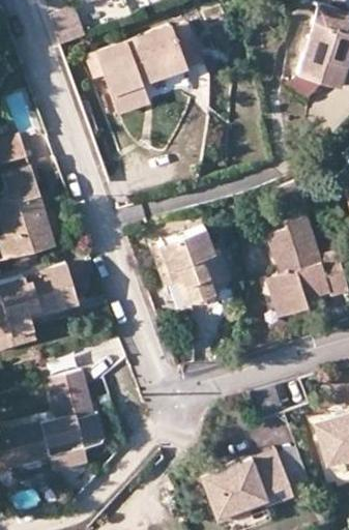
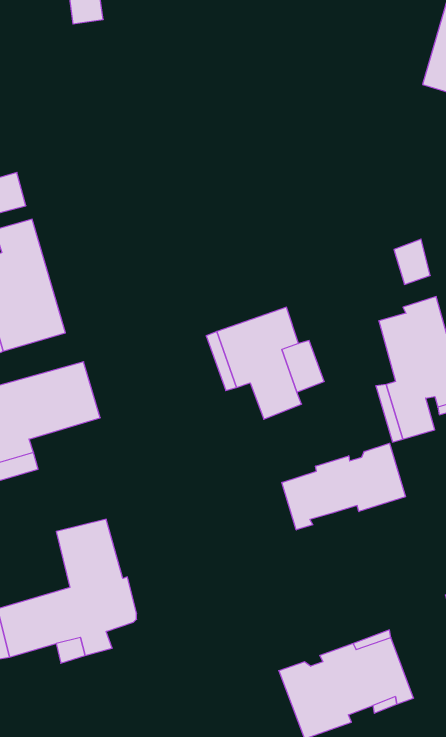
building: [89,24,201,114] -> none
building: none -> [282,443,405,530]

